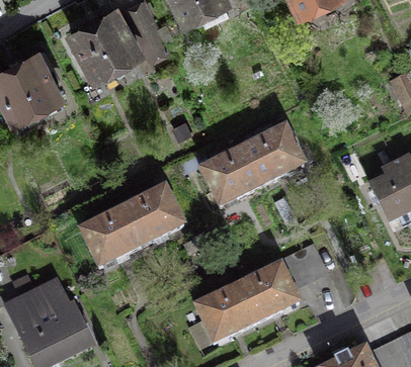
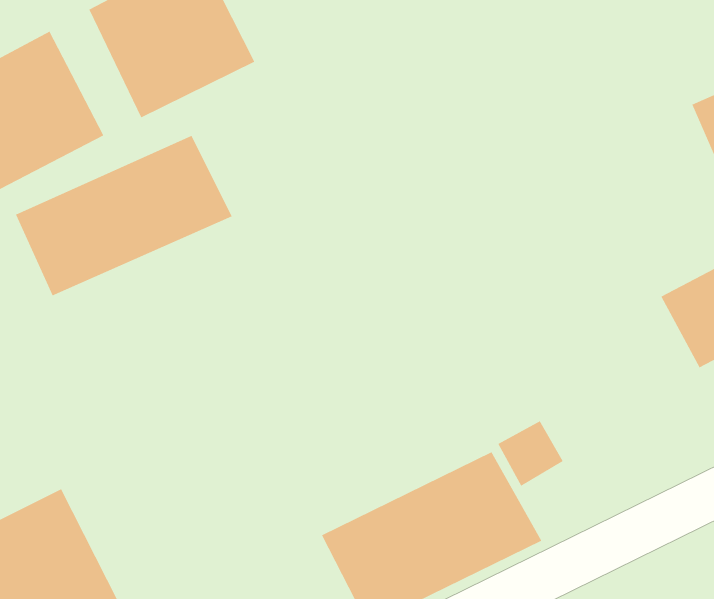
building: [196,127,304,209] -> none
building: [77,183,190,267] -> [15,135,232,296]

